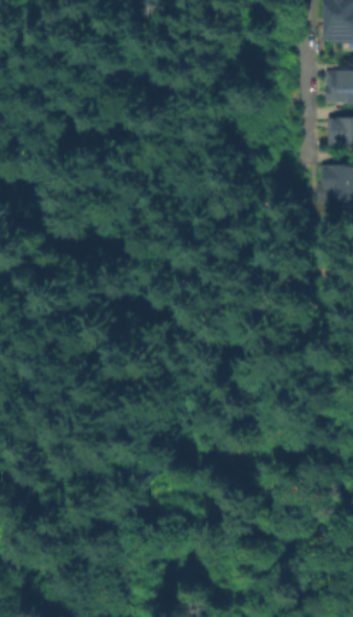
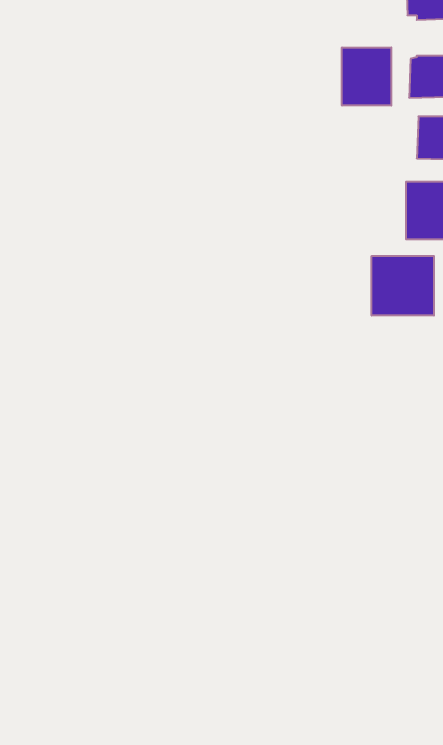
building: none -> [342,47,391,106]
building: none -> [372,256,434,316]

